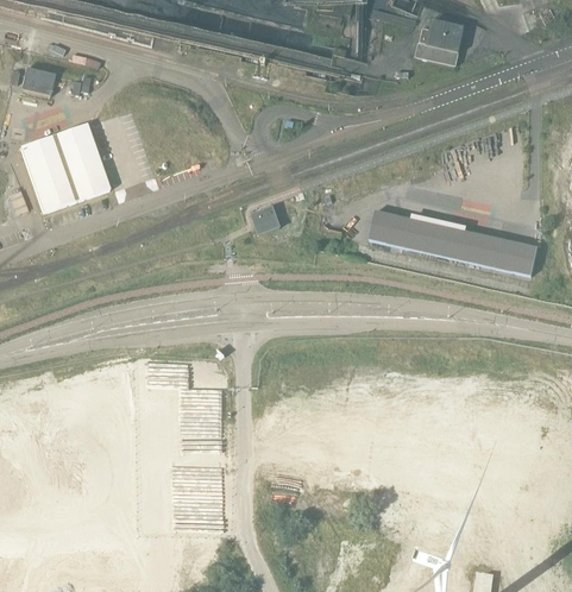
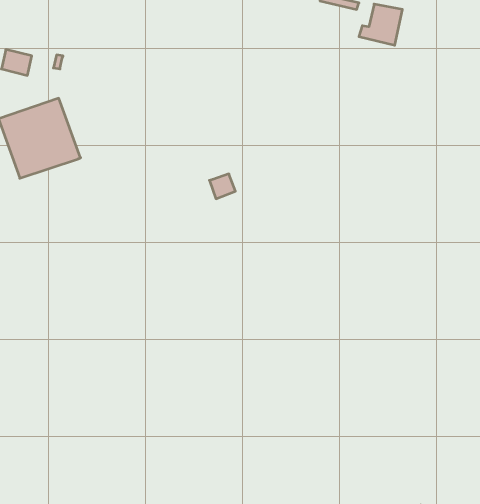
building: [367,209,536,273] -> none

